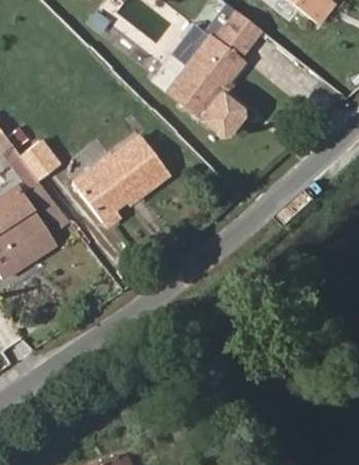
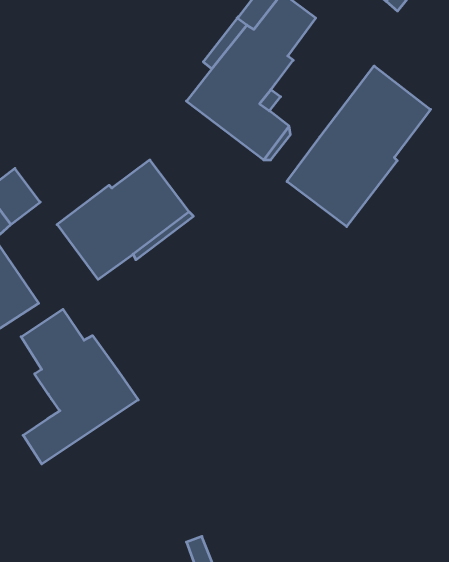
building: none -> [287,66,431,227]
building: none -> [21,309,138,464]

